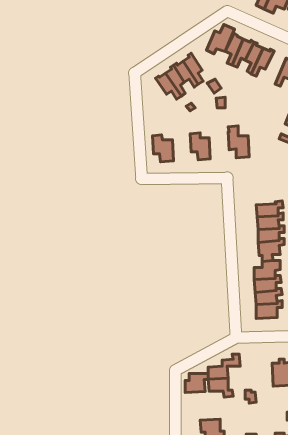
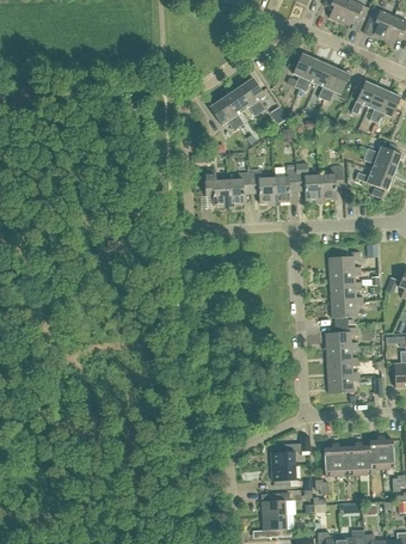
building: [207,24,234,54] -> none
building: none -> [319,166,343,198]
building: none -> [272,169,296,201]
building: none -> [228,171,251,203]
building: none -> [324,442,349,475]
building: [185,373,208,392] -> [262,491,289,514]

